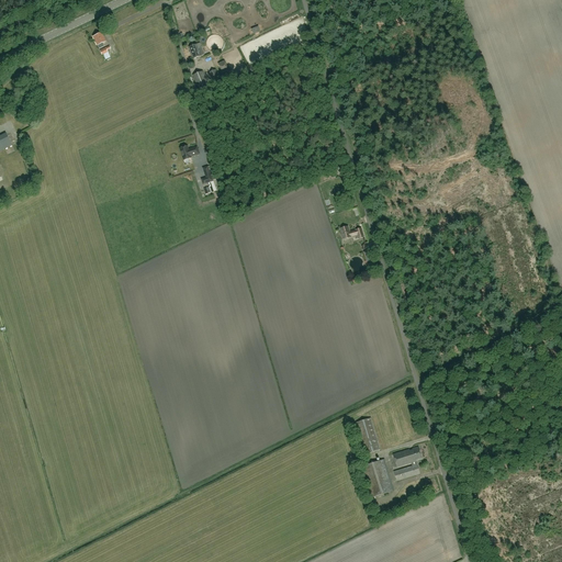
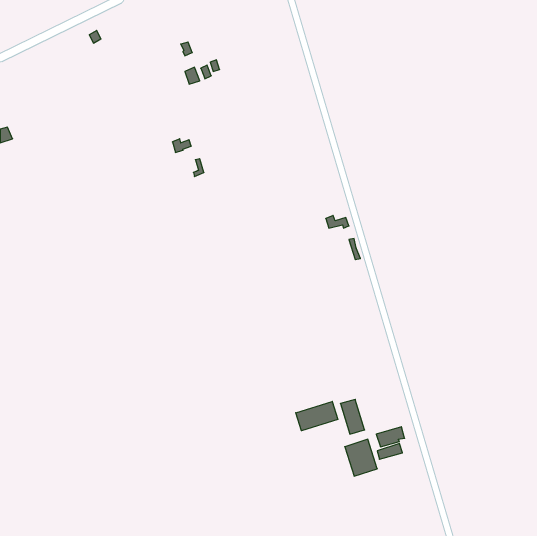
building: none -> [296,401,338,431]

